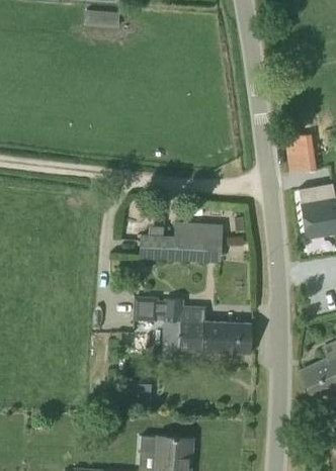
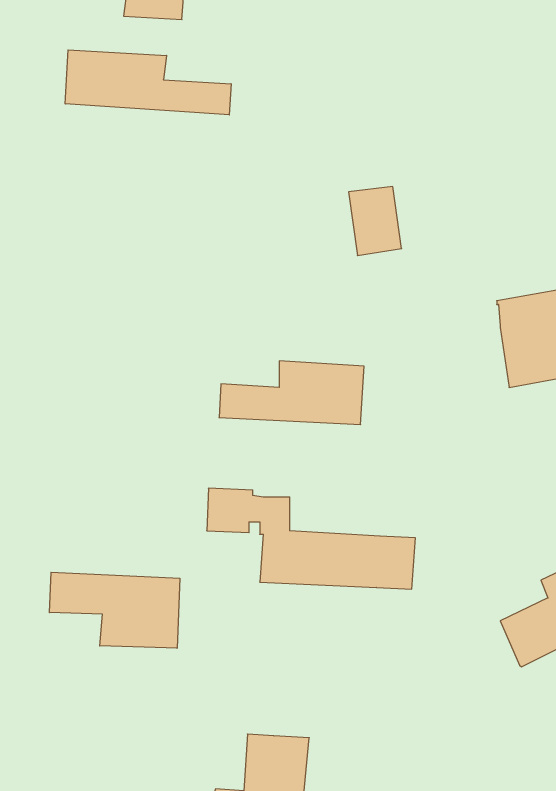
building: none -> [65,50,231,115]
building: [285,134,316,174] -> [349,187,402,256]
building: none -> [49,572,180,648]

